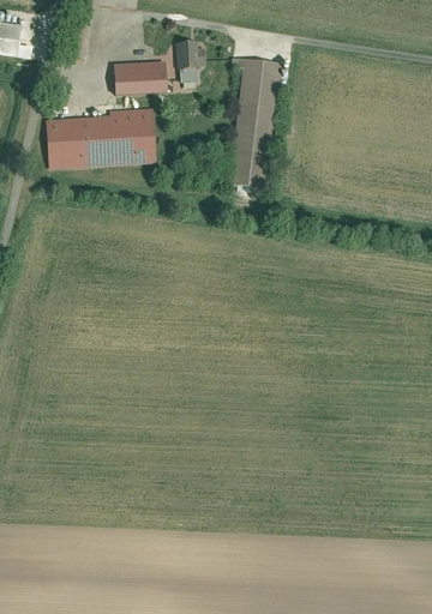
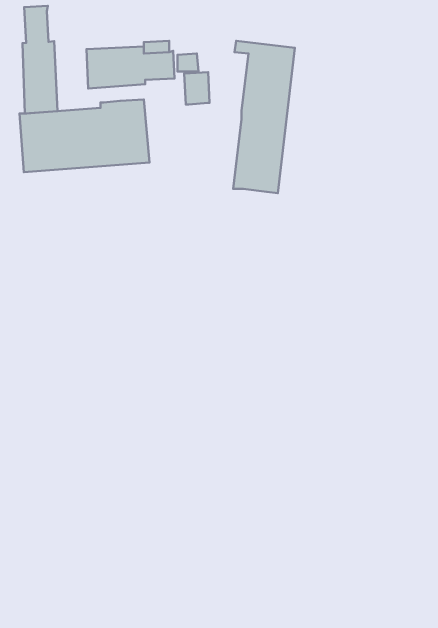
building: none -> [23,6,58,113]
building: [175,41,197,68] -> [184,72,209,104]

